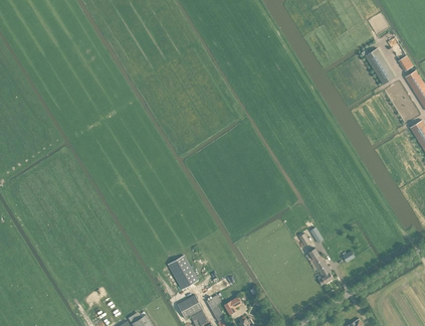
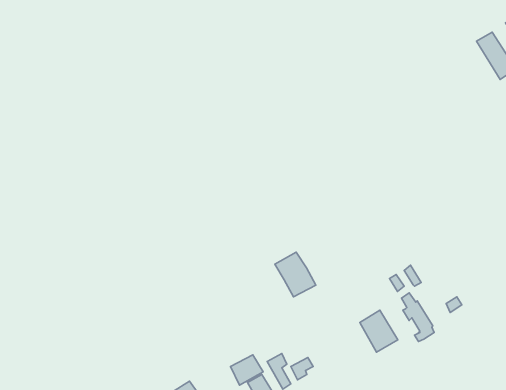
building: [168,255,199,289] -> [275,252,316,297]
building: none -> [360,310,398,352]

